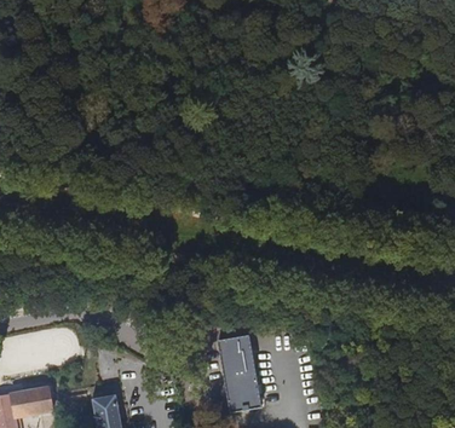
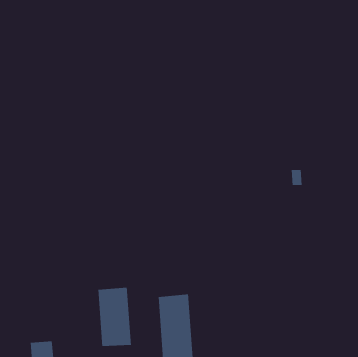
building: none -> [98,287,131,347]

